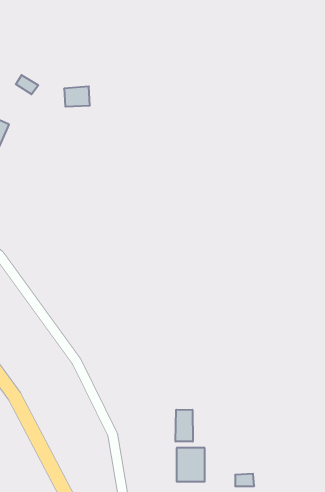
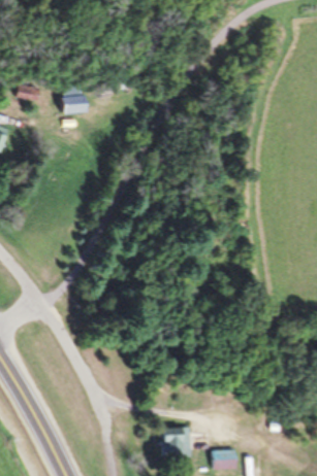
building: [176,410,193,442] -> none

